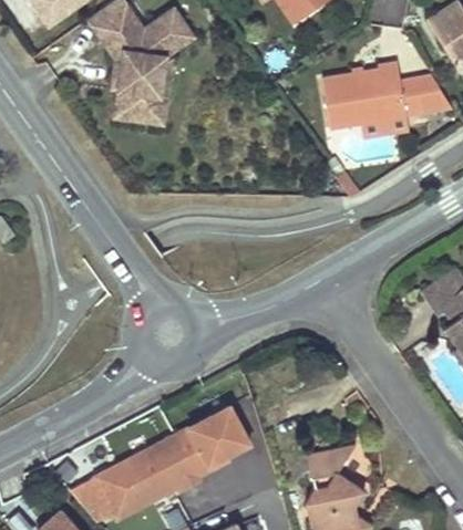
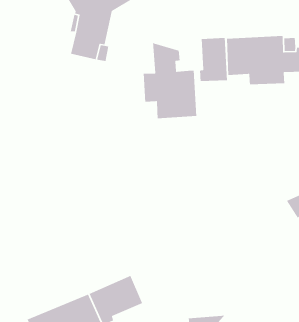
building: none -> [199,37,228,82]
building: none -> [143,42,197,119]

